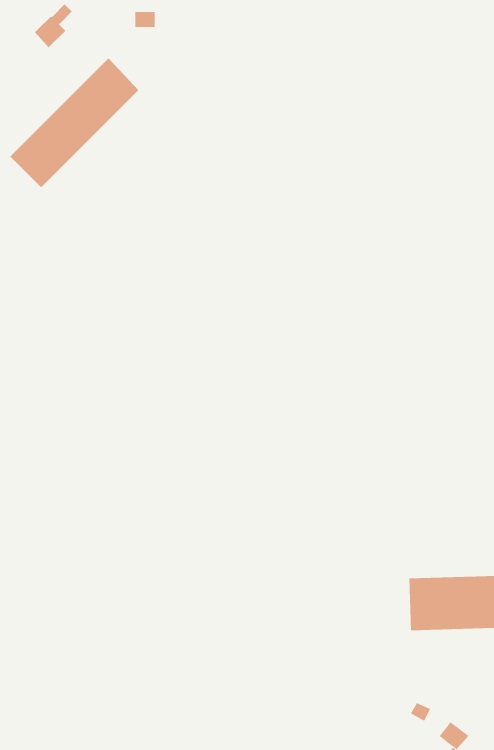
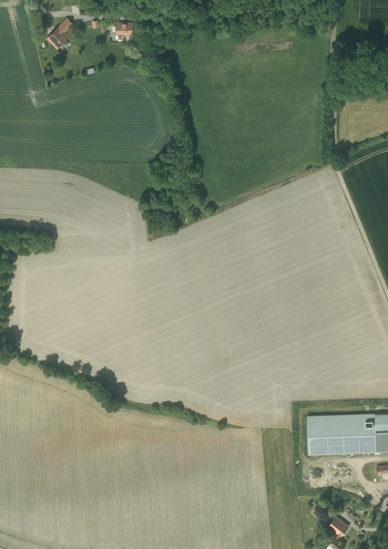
building: [10,58,139,188] -> none

